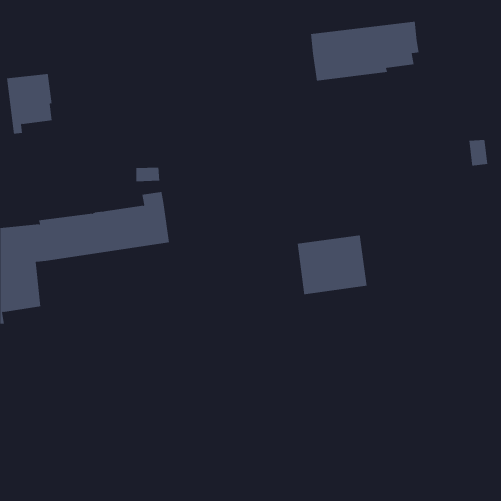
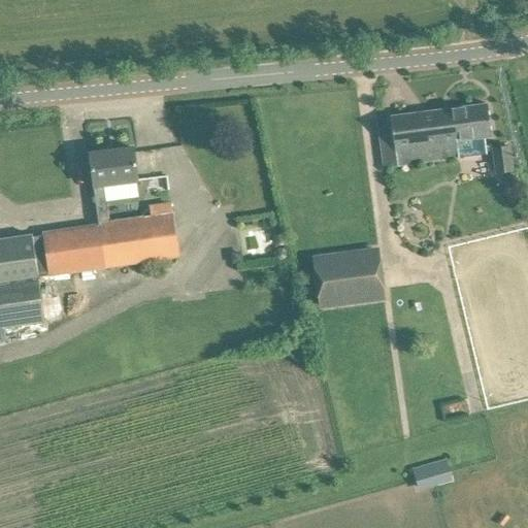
building: [310,21,419,81] -> [376,103,491,166]
building: [6,73,52,134] -> [89,147,137,211]
building: none -> [411,458,452,490]

